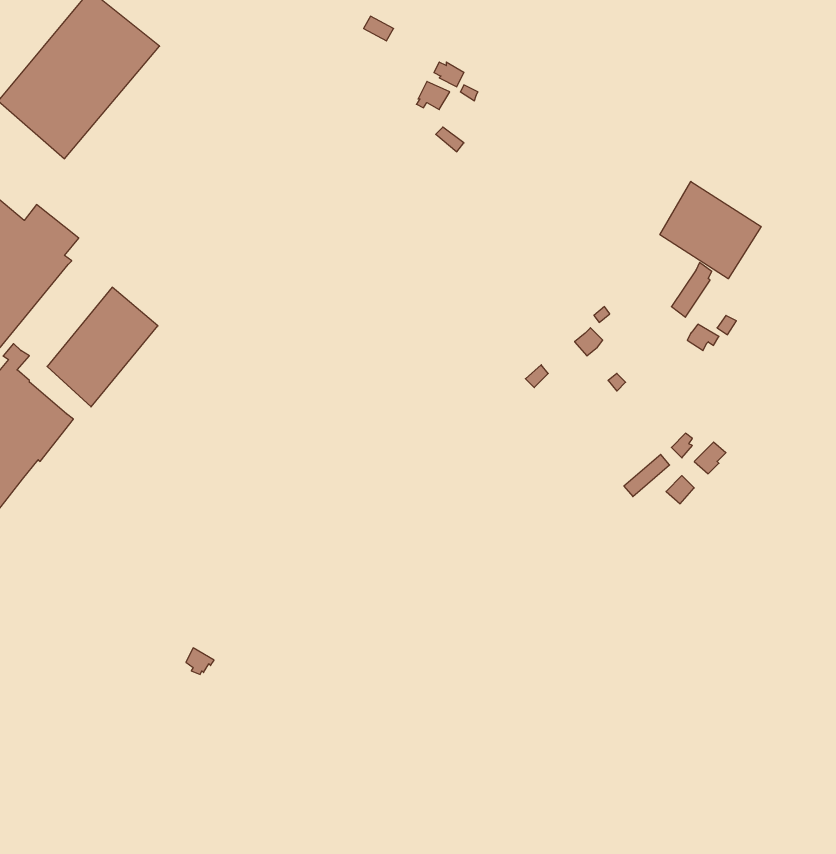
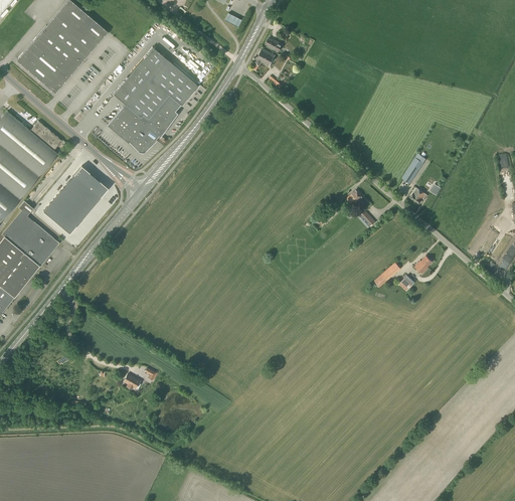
building: none -> [107,46,199,152]
building: [660,181,761,279] -> none

